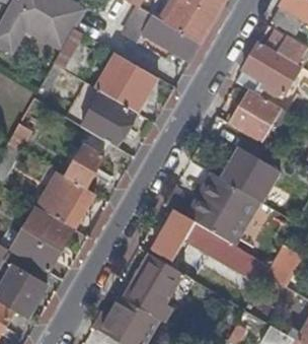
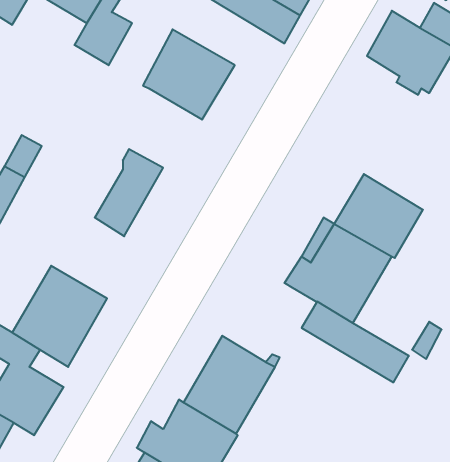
building: [229,88,282,143] -> none
building: [81,91,136,146] -> none
building: [37,171,94,228] -> none
building: [152,210,195,260] -> none

